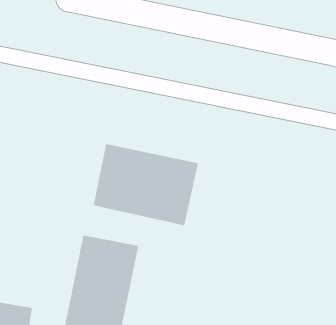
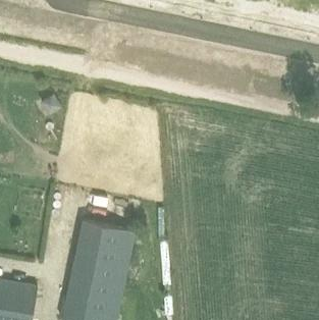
building: [93,143,199,226] -> none

